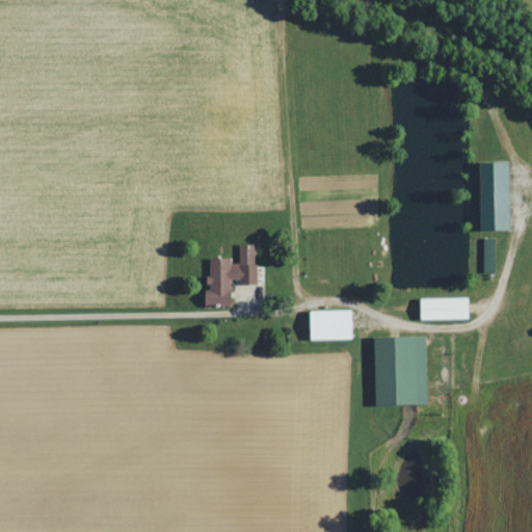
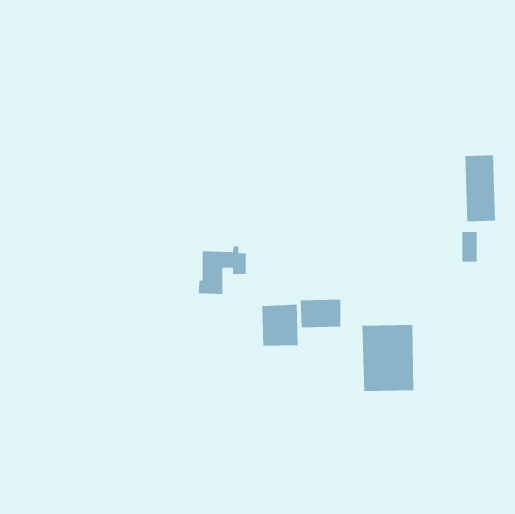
building: [420,298,469,319] -> none
building: none -> [262,304,298,346]

